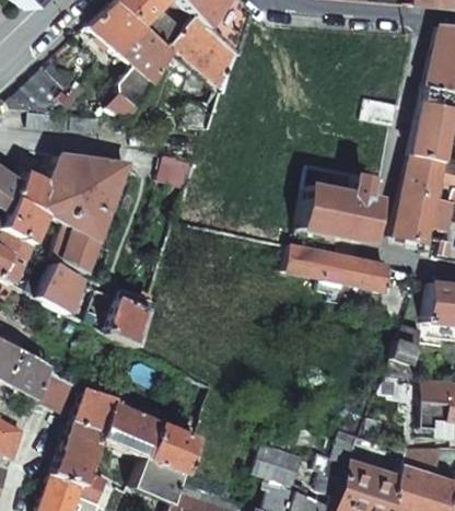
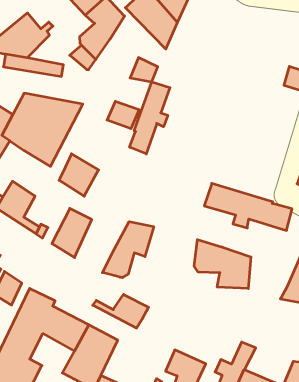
building: none -> [130,82,170,154]
building: [299,164,374,242] -> none
building: [51,223,97,272] -> [59,154,99,196]
building: none -> [102,222,154,278]
building: none -> [194,240,251,289]
building: none -> [93,294,149,328]

